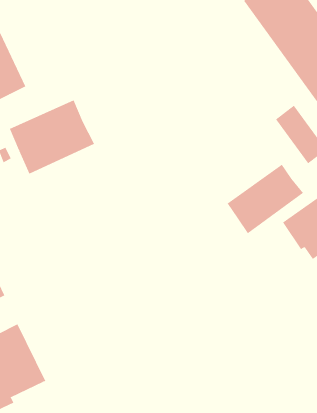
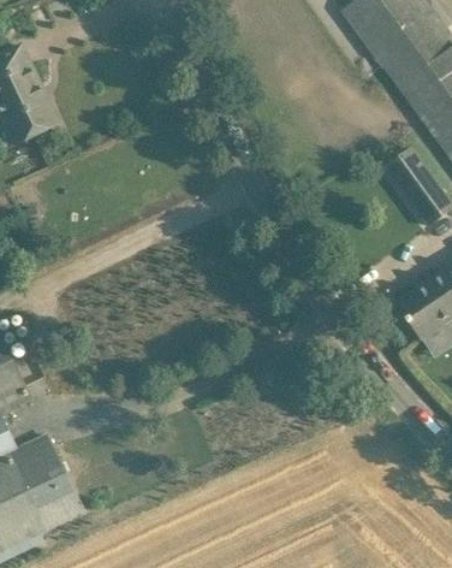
building: [9,100,95,175] -> none
building: [227,164,304,234] -> none

